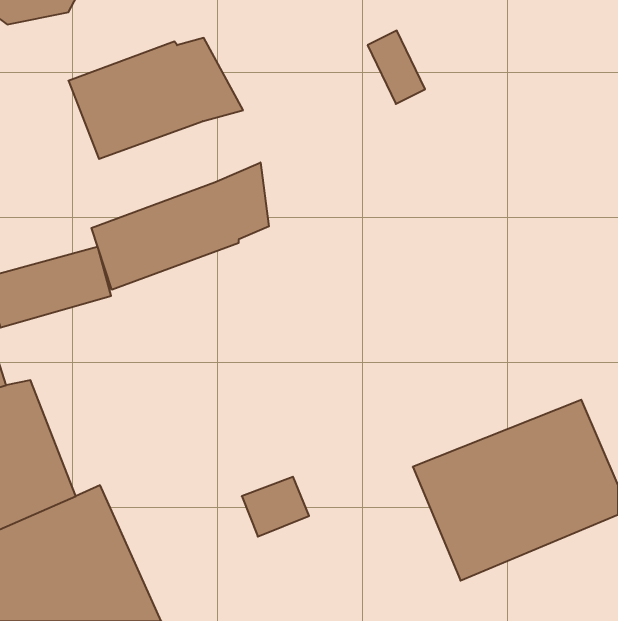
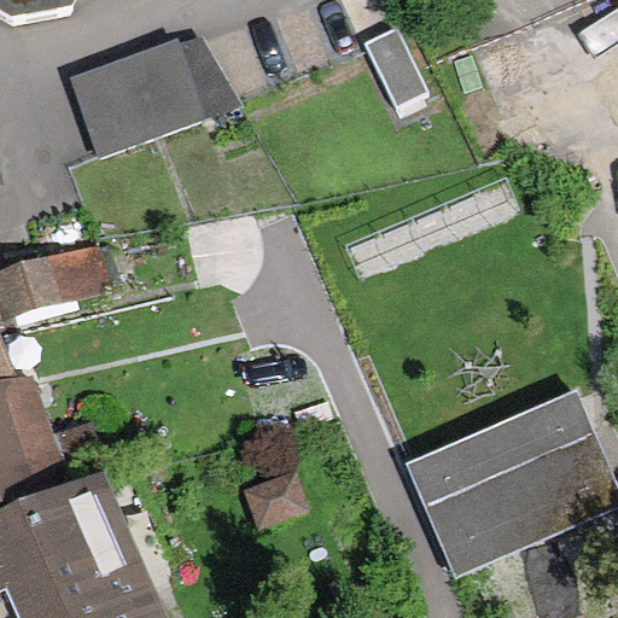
building: [91,162,269,290] -> none

